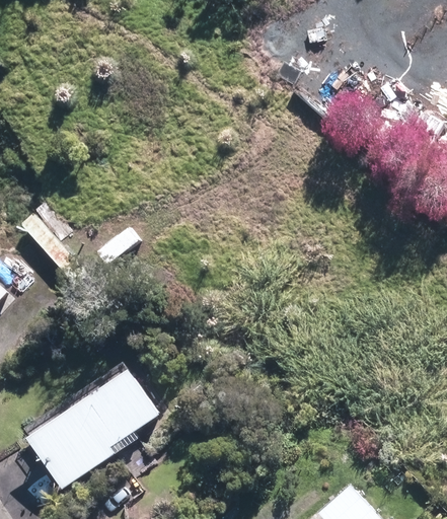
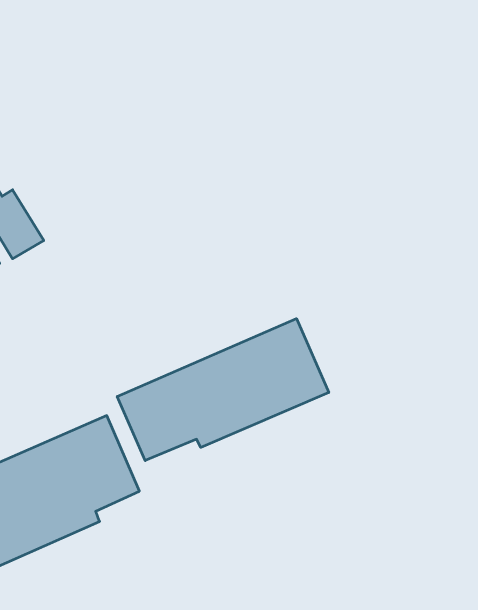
building: none -> [117,319,329,461]

